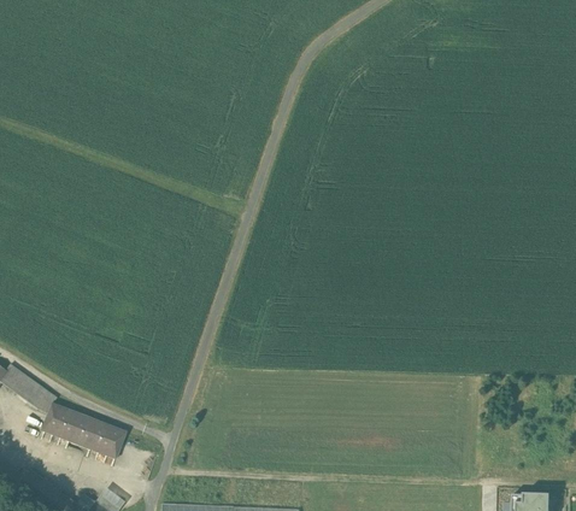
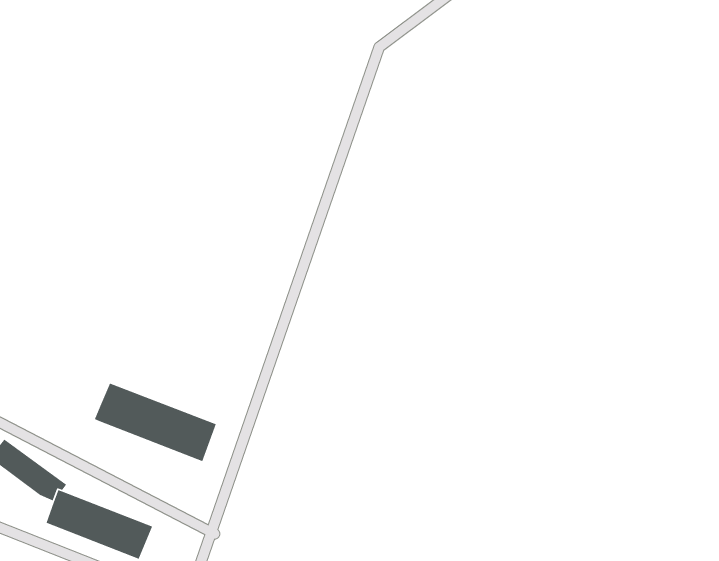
building: none -> [94,382,217,462]

